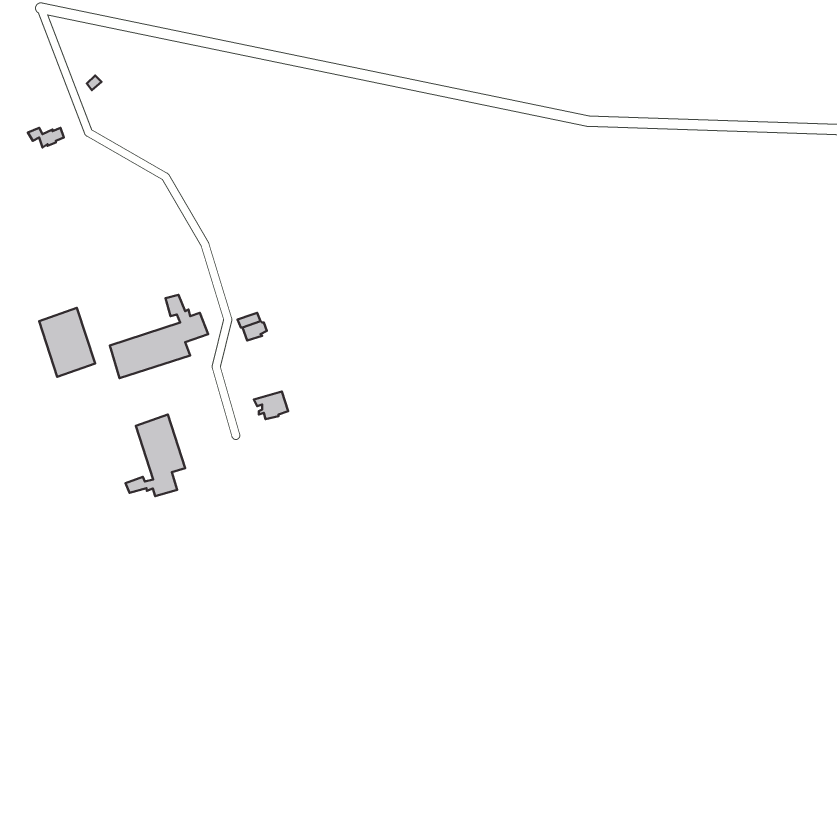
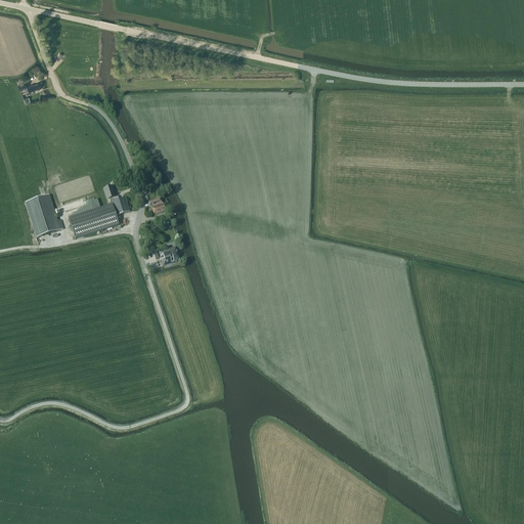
building: [125,415,185,496] -> none

